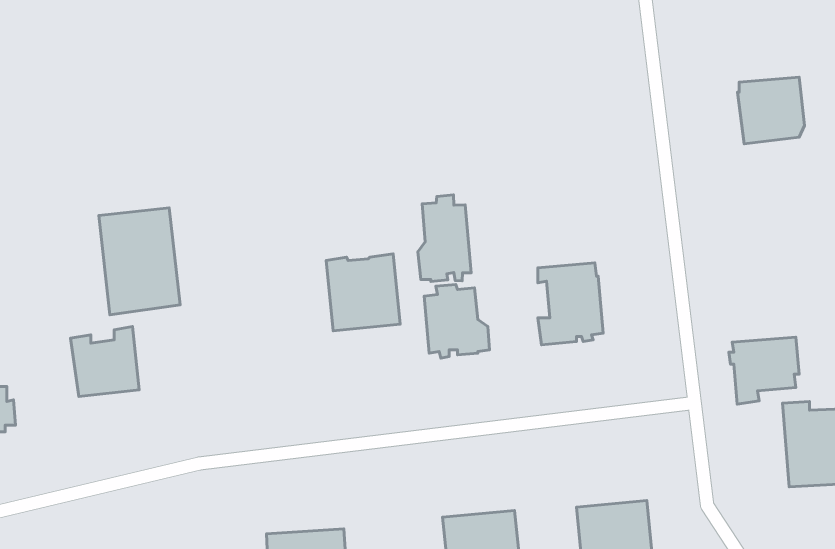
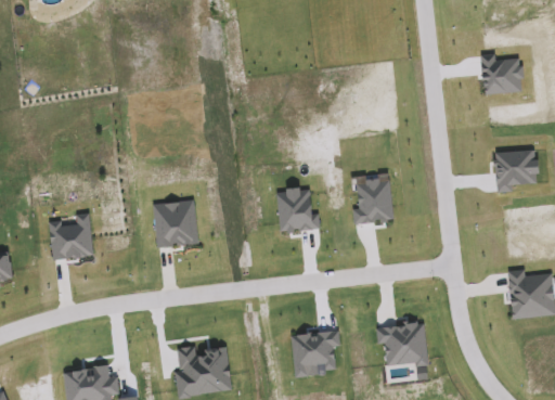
building: [418,195,471,282] -> none
building: [99,208,180,315] -> none
building: [326,254,400,331] -> [152,198,199,248]
building: [729,337,799,404] -> [492,149,538,192]

